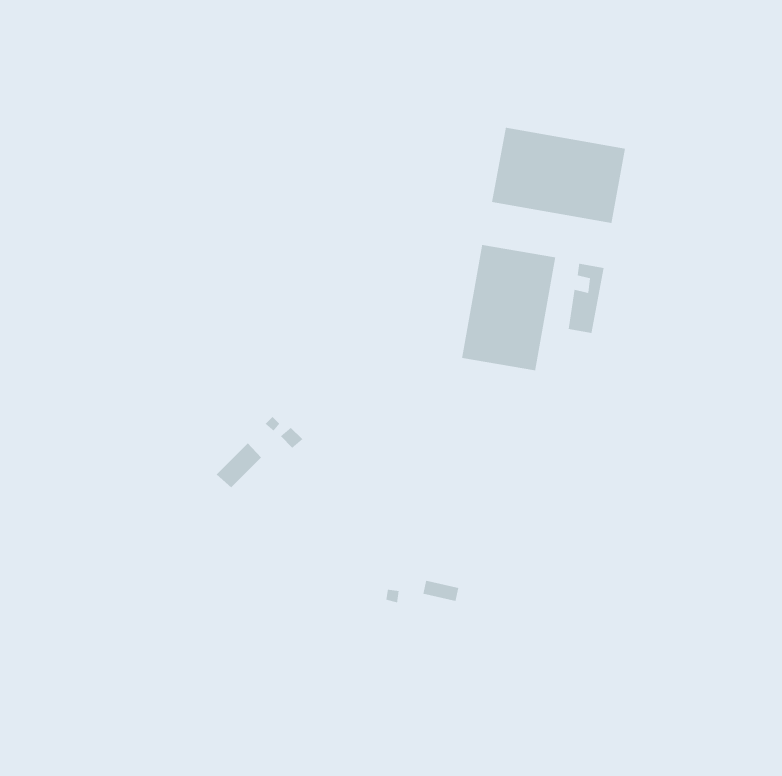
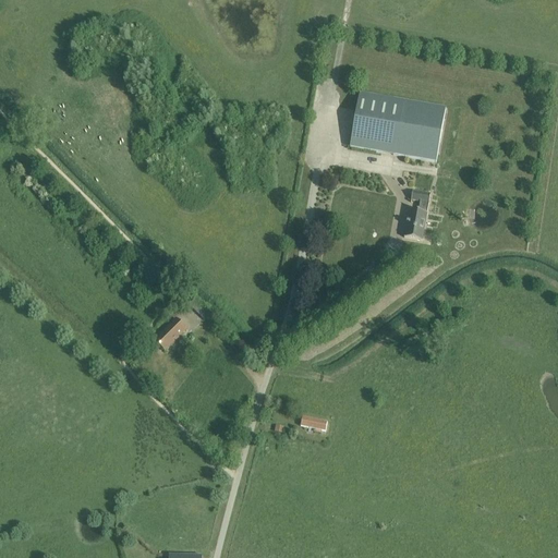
building: [461,244,556,371] -> none

